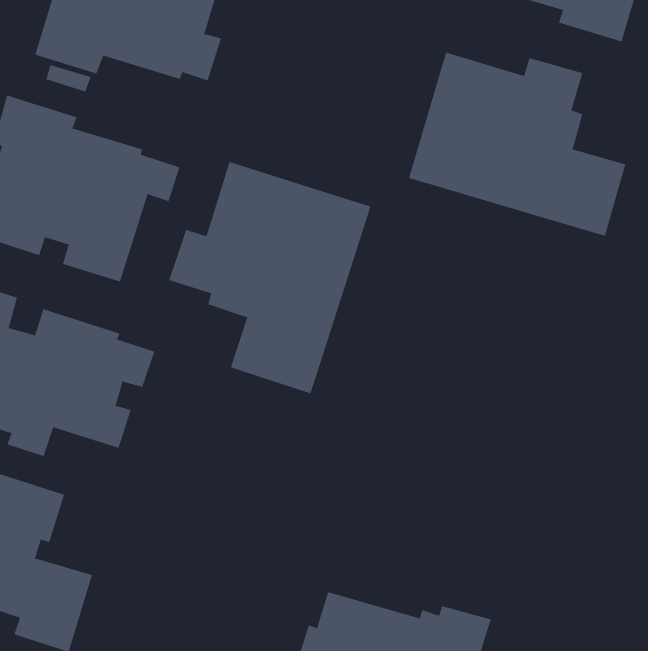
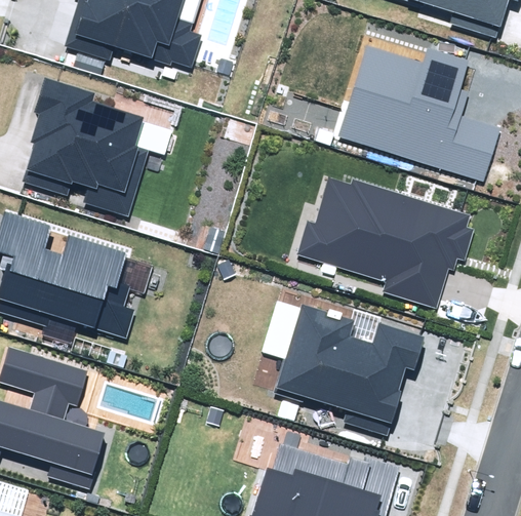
building: [168,161,371,394] -> none
building: none -> [295,176,473,309]
building: none -> [260,300,425,435]

